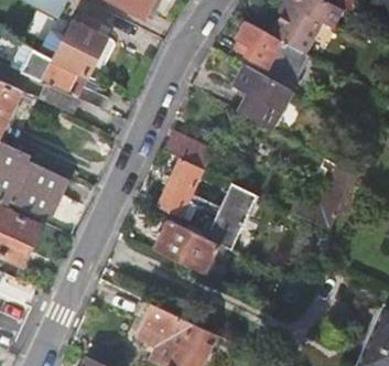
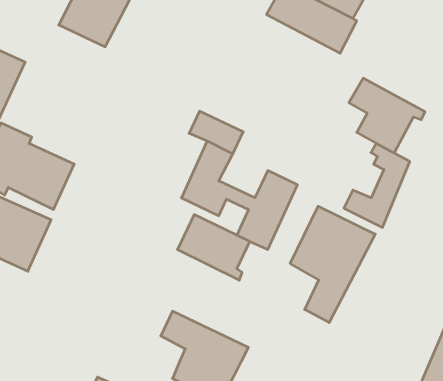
building: [26,51,107,109] -> none
building: [231,66,296,130] -> [349,78,425,153]
building: none -> [290,206,375,323]

